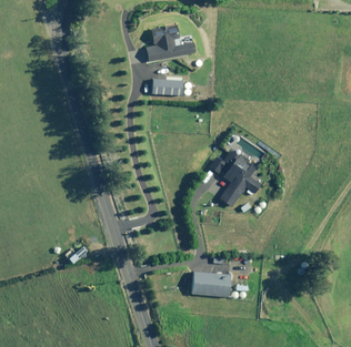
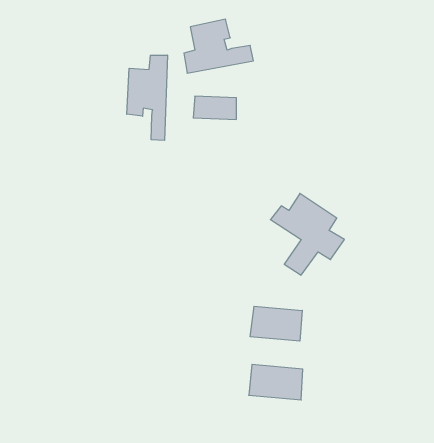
building: none -> [127,55,167,140]
building: none -> [250,306,302,341]

